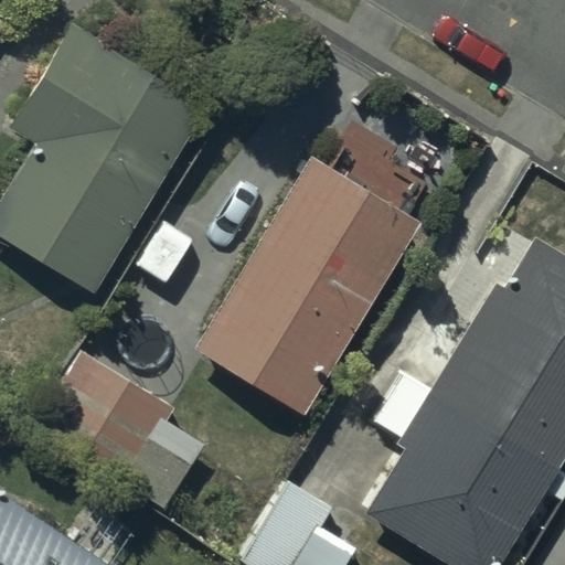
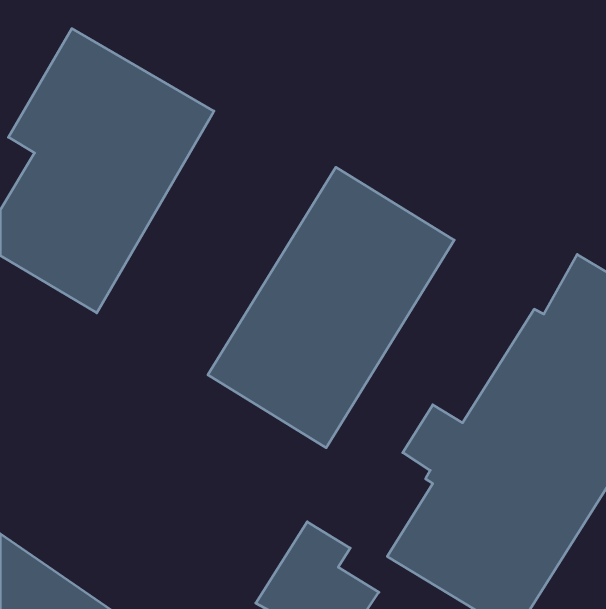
building: [31,349,204,509] -> none

